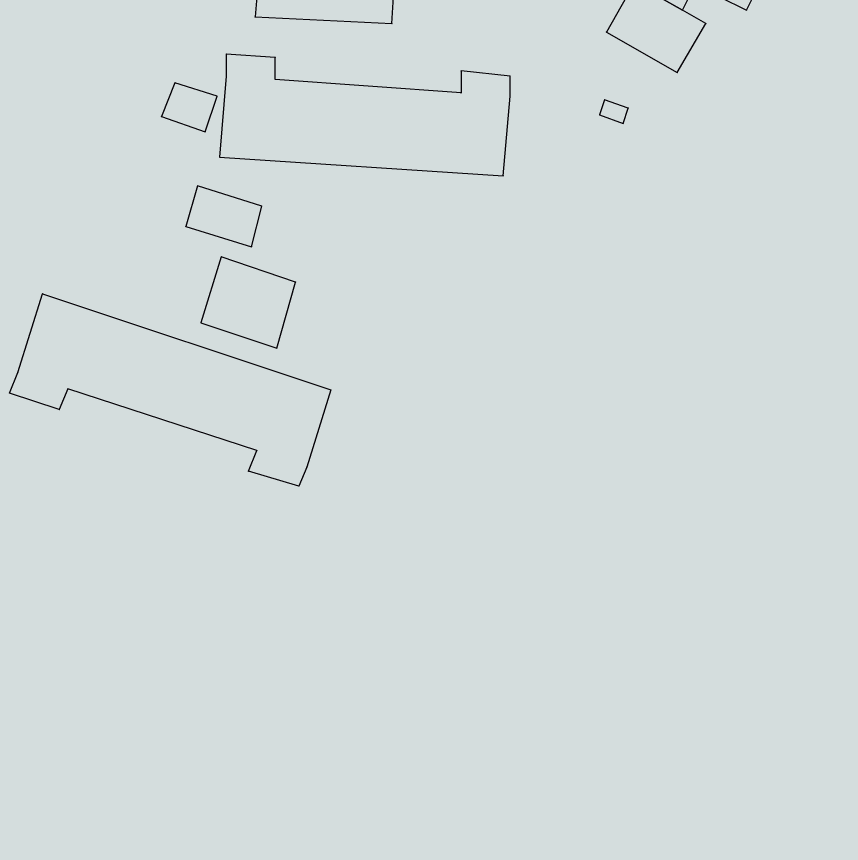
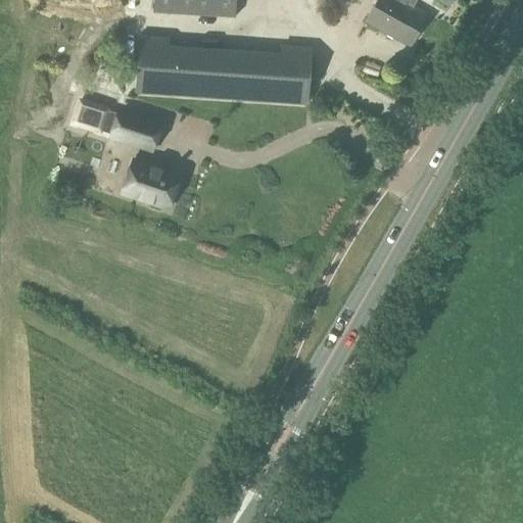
building: [161,83,217,132] -> [77,101,110,131]
building: [9,294,331,486] -> none

